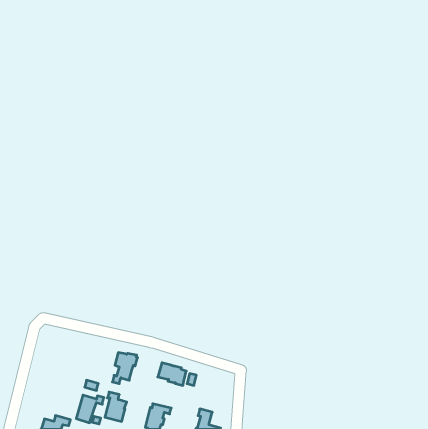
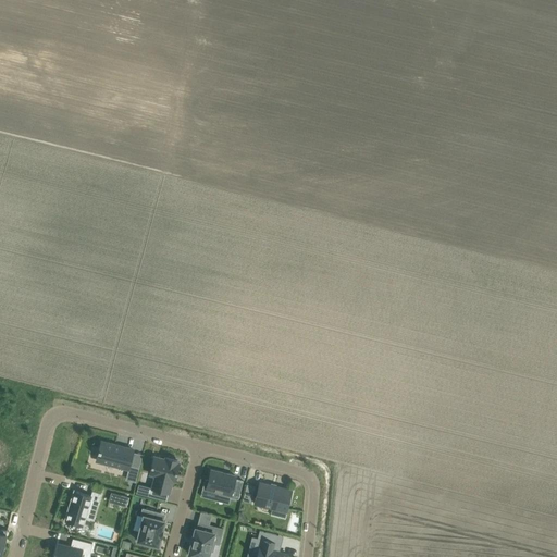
building: none -> [96,442,133,469]
building: none -> [253,482,292,519]
building: [76,395,104,423] -> [64,491,100,527]

